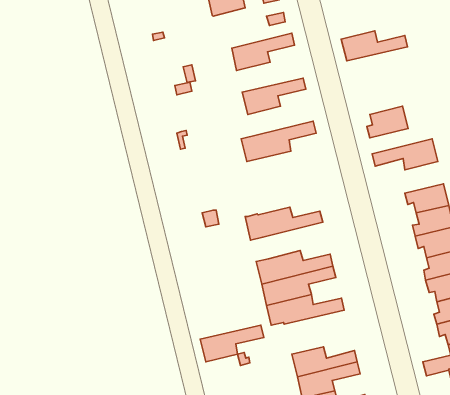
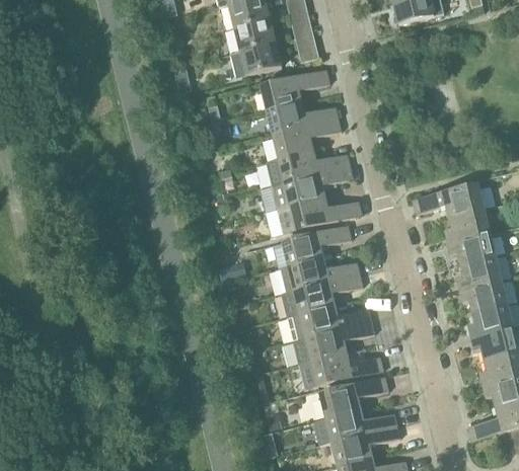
building: none -> [231,42,282,76]
building: [341,31,408,61] -> [267,100,339,133]
building: [367,106,408,138] -> [446,208,491,242]
building: none -> [267,148,350,183]
building: none -> [278,197,362,232]
building: none -> [273,225,351,267]
building: none -> [282,273,363,316]
building: [200,325,264,362] -> [320,377,389,416]

